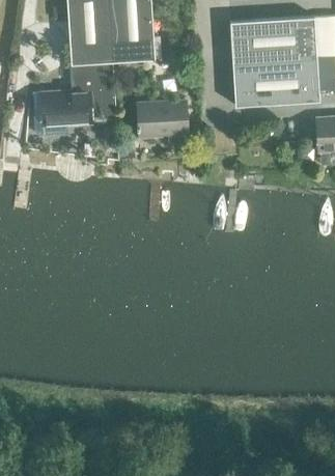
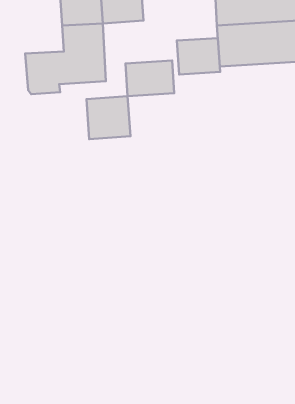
building: none -> [177,38,220,75]
building: none -> [86,96,130,139]

